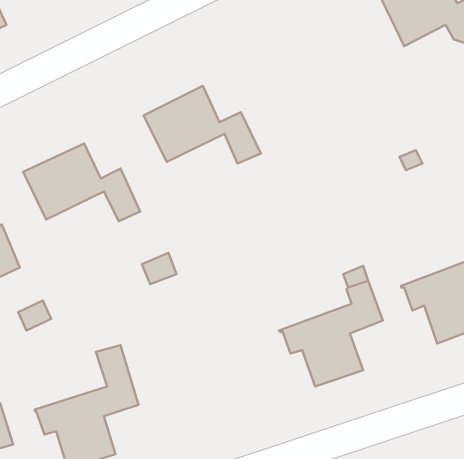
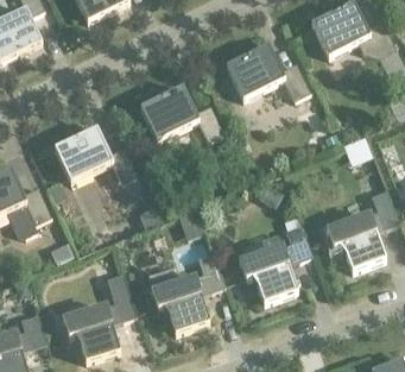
building: none -> [224,42,310,97]
building: none -> [146,250,224,330]

